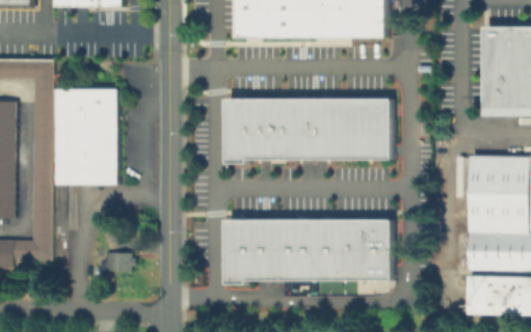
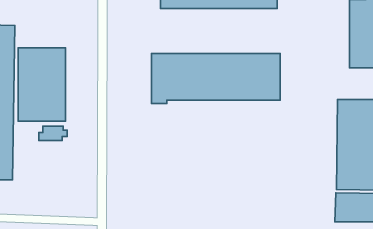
building: [228,218,394,283] -> none
building: [97,252,133,271] -> [39,126,67,141]

